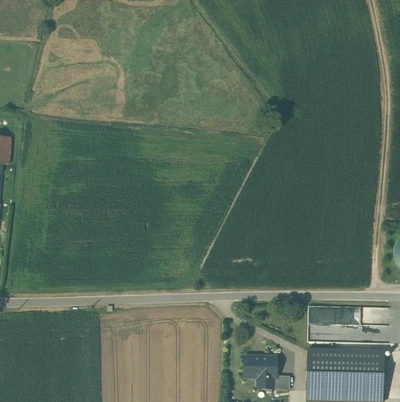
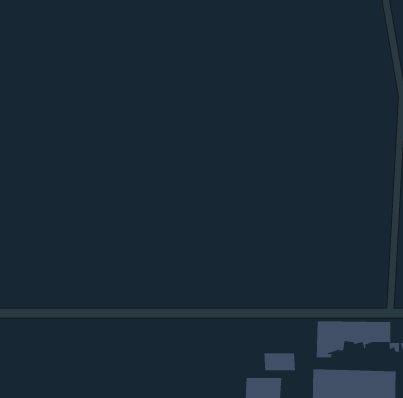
building: none -> [264,353,295,371]

